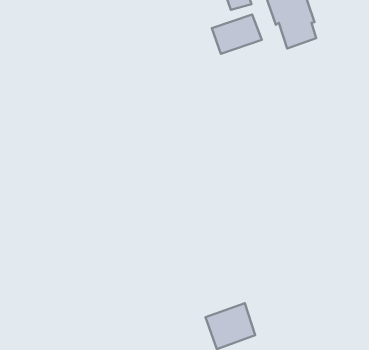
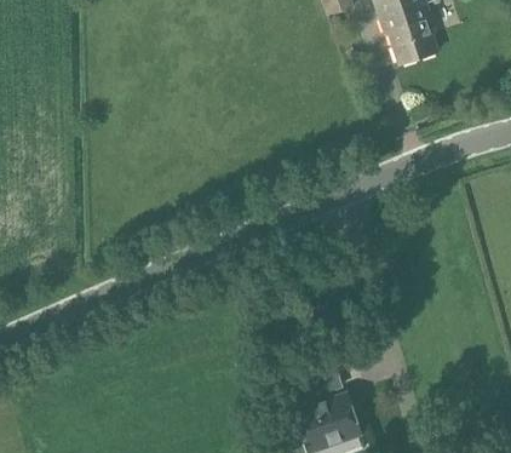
building: [212,15,262,54] -> none

